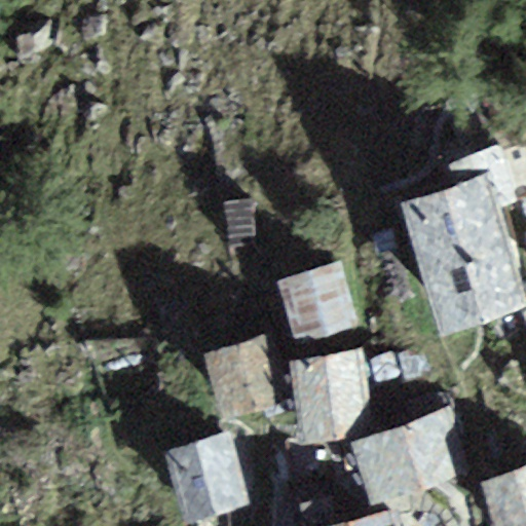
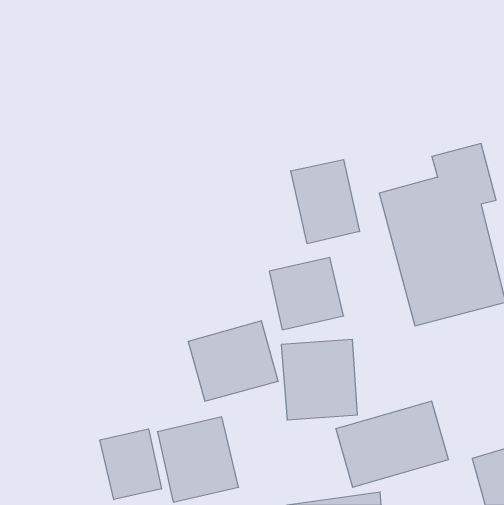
building: none -> [291,160,360,244]
building: none -> [100,429,162,500]

